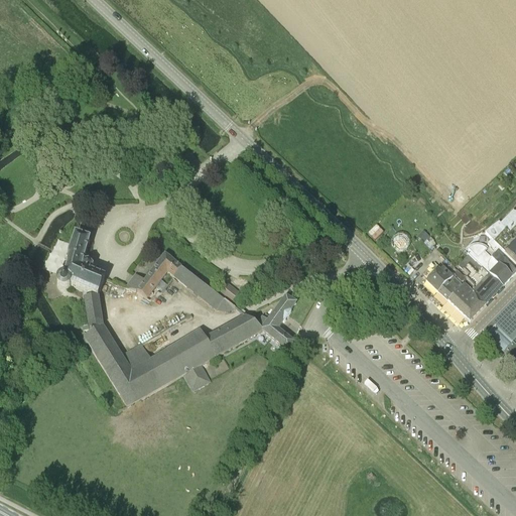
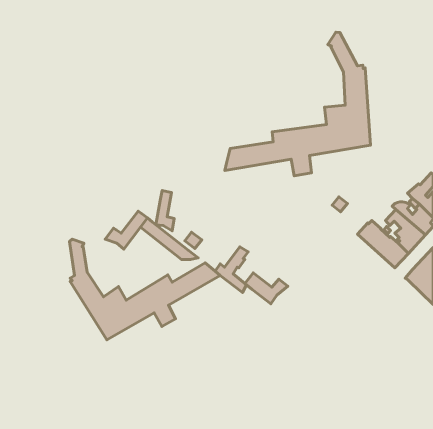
building: none -> [225,32,370,176]
building: none -> [156,190,174,231]
building: [56,232,105,289] -> none
building: none -> [245,273,288,304]

